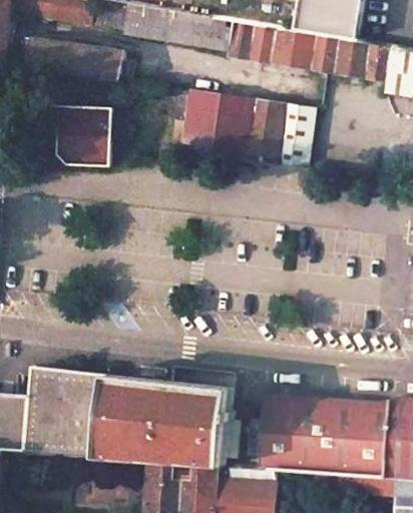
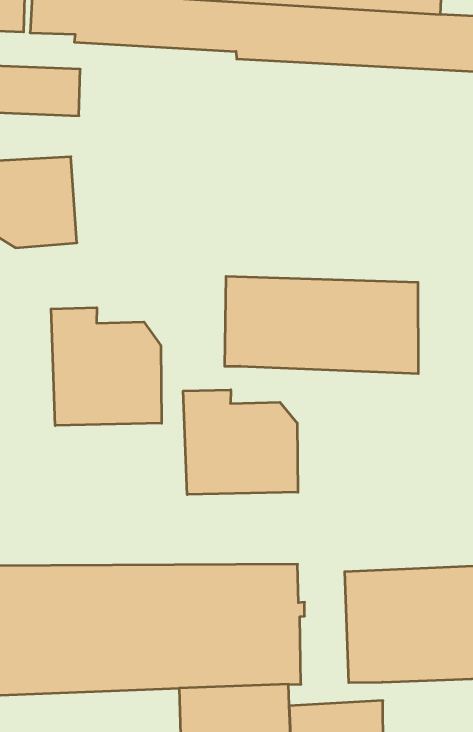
building: [180,91,312,167] -> [225,276,418,374]
building: none -> [51,308,162,426]
building: none -> [183,390,298,495]

